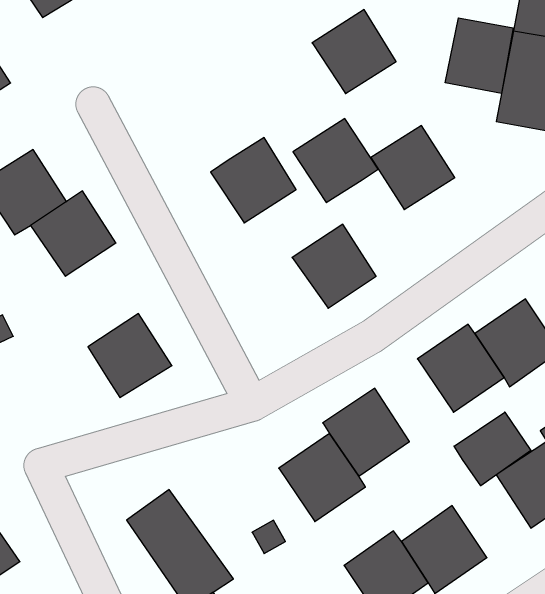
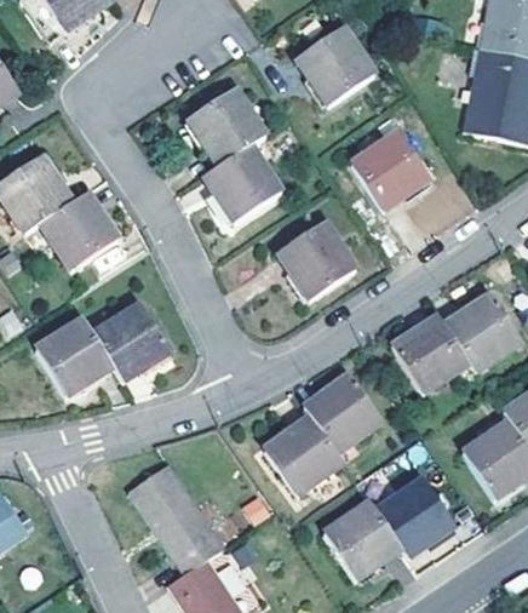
building: [445,18,513,94] -> none
building: [293,119,378,203] -> [189,87,266,164]
building: none -> [30,315,110,394]
building: [454,412,531,486] -> none

